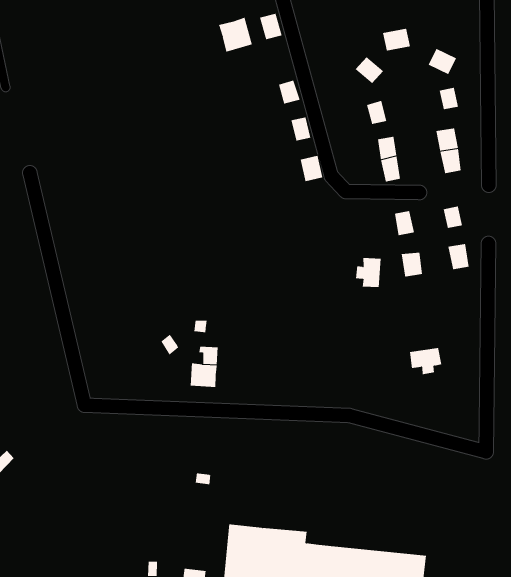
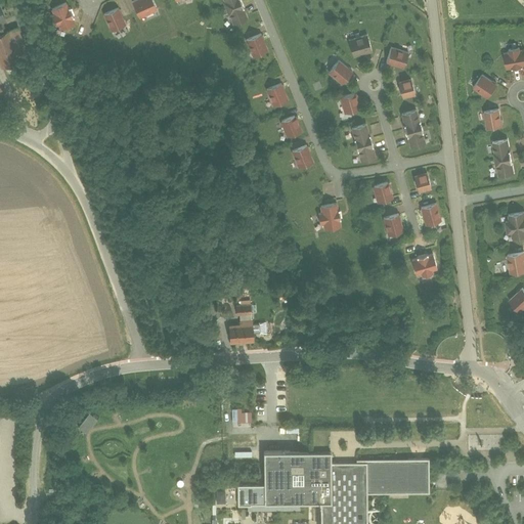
building: [218,17,252,52] -> none
building: [355,258,382,288] -> [319,206,340,230]
building: [409,347,442,375] -> [409,255,437,278]

